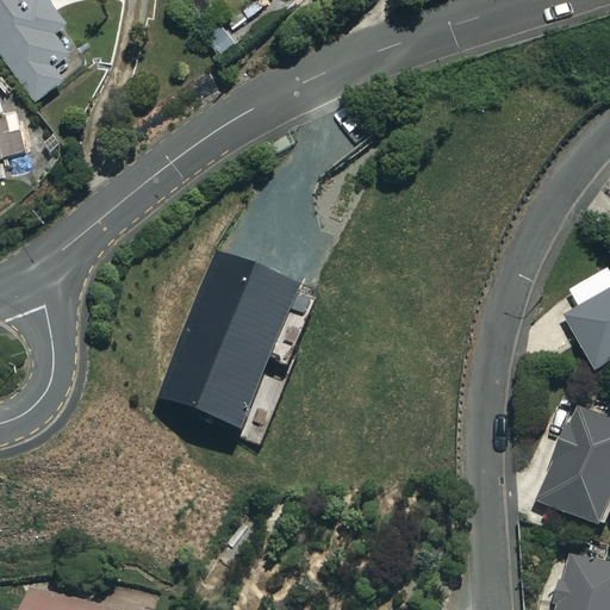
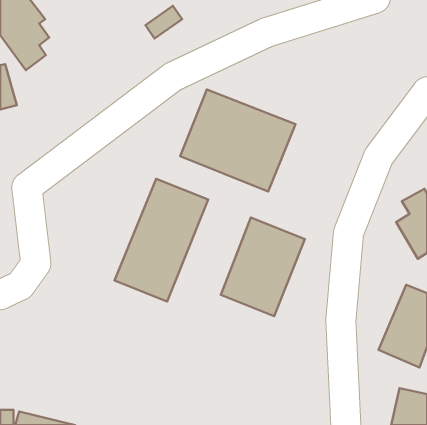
building: none -> [180,90,296,191]
building: none -> [221,217,305,316]

